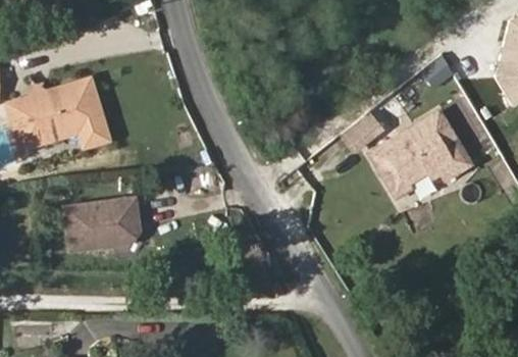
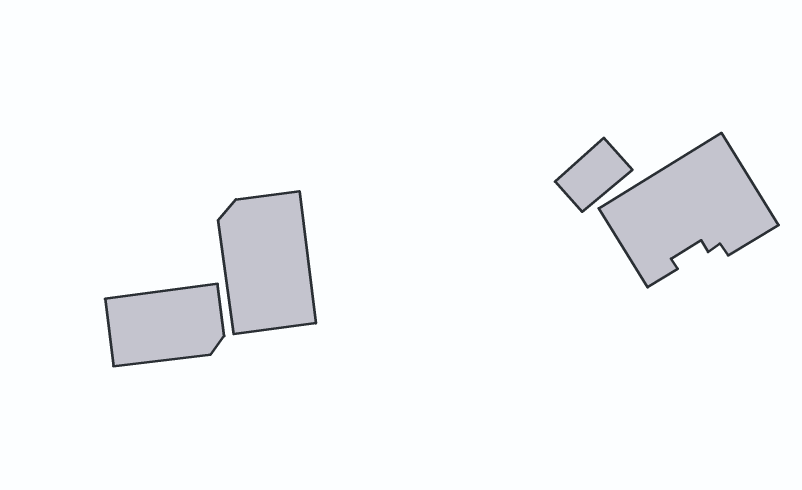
building: [9,79,109,148] -> none
building: none -> [218,191,316,334]

